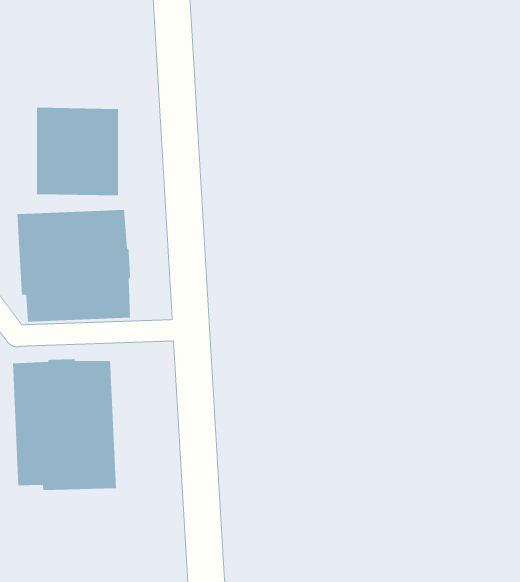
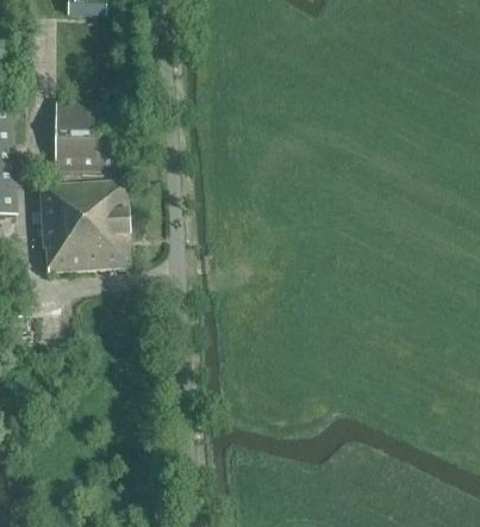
building: [13,358,116,491] -> none

